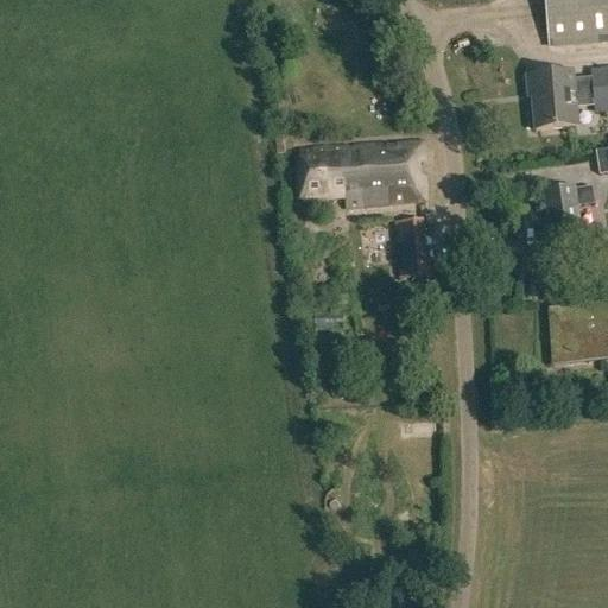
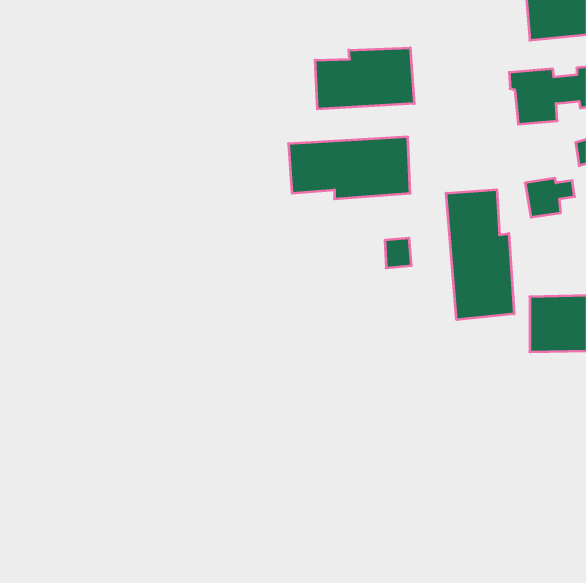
building: none -> [315,48,414,109]
building: none -> [446,190,514,320]

